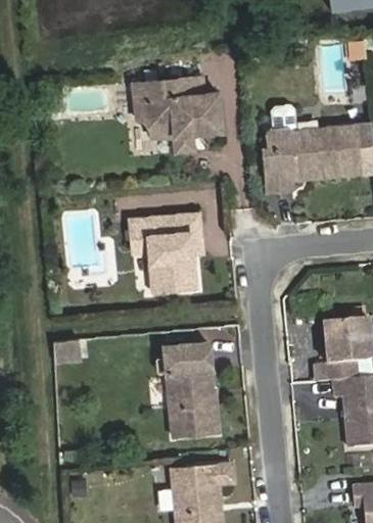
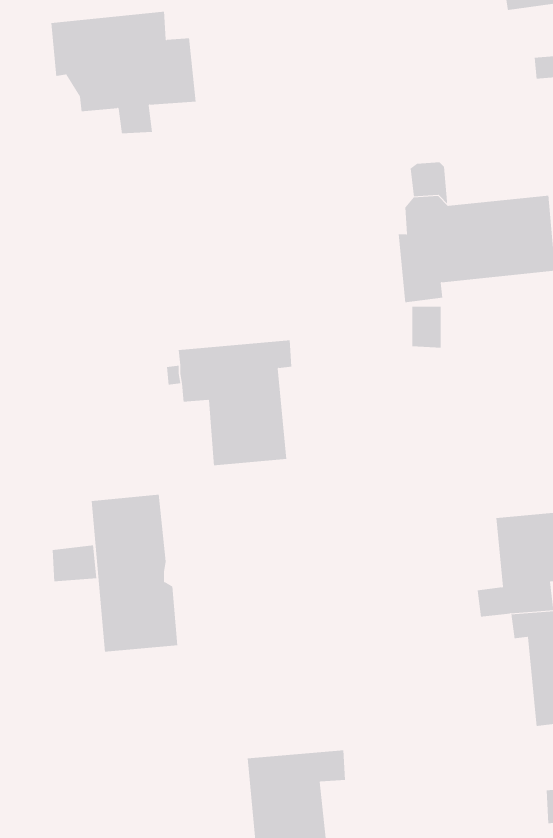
building: [133,76,222,150] -> [50,11,197,134]
building: [166,341,219,437] -> [91,494,178,652]

